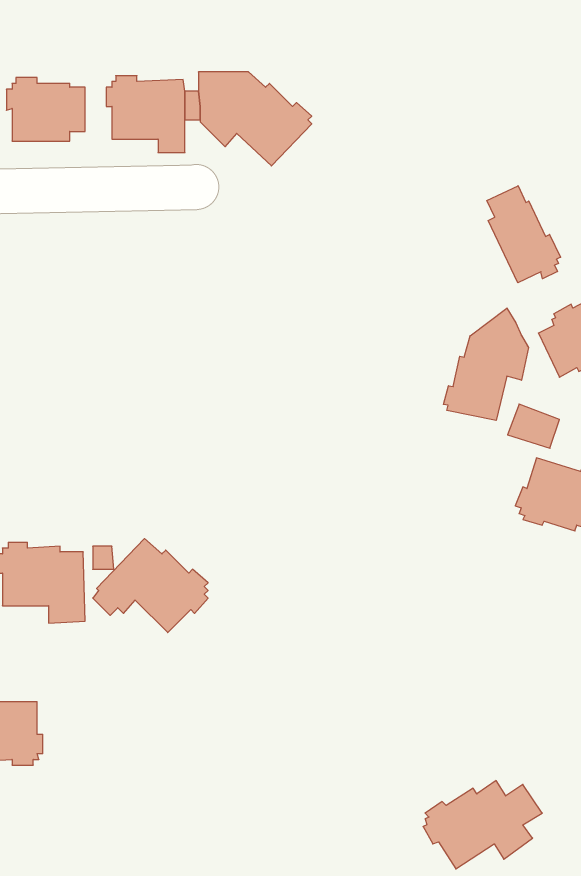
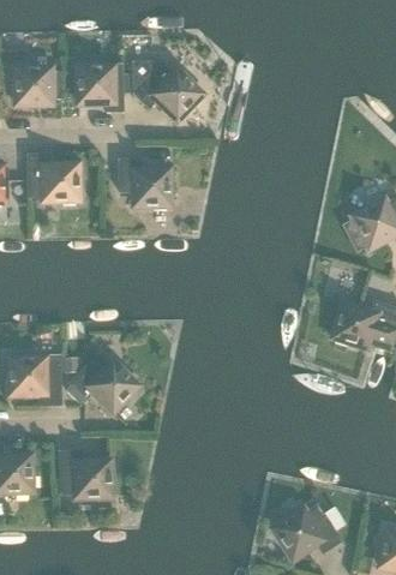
building: [487,186,561,283] -> none
building: none -> [26,152,82,203]
building: none -> [118,157,172,208]
building: [443,308,528,420] -> none
building: none -> [58,449,113,499]

